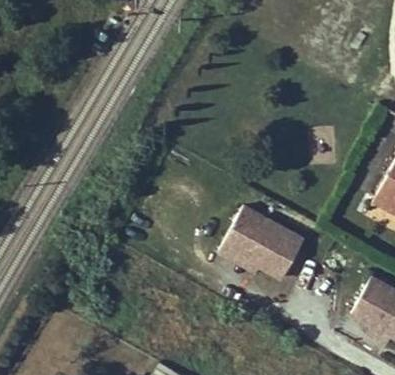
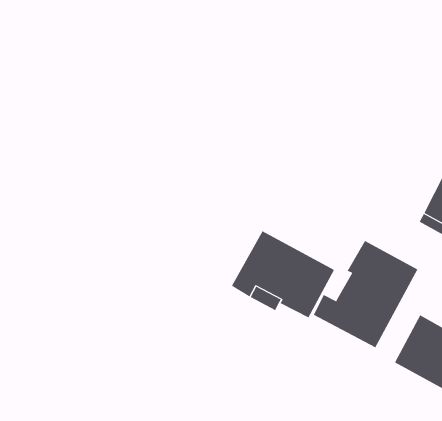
building: none -> [313,240,418,348]

